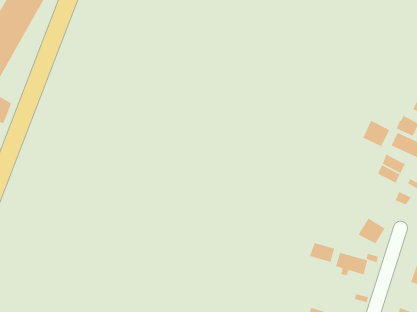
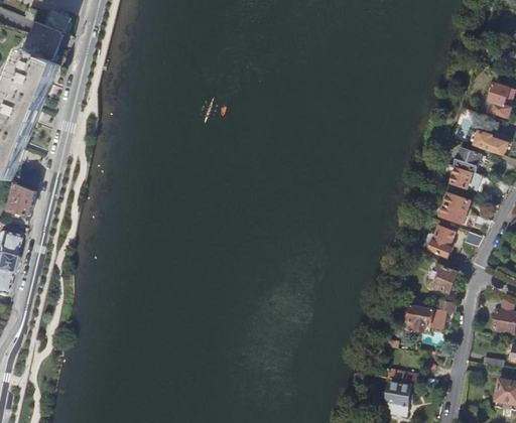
building: [362,120,390,147] -> none
building: none -> [420,226,452,256]
building: [309,242,335,263] -> none

